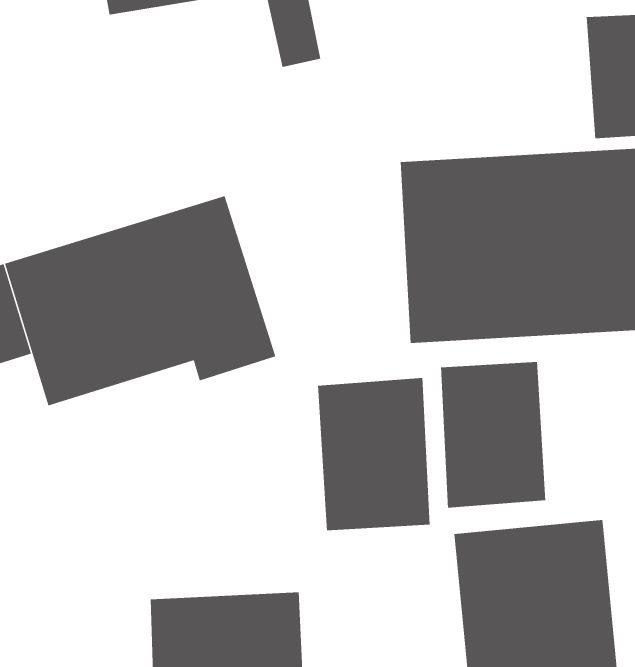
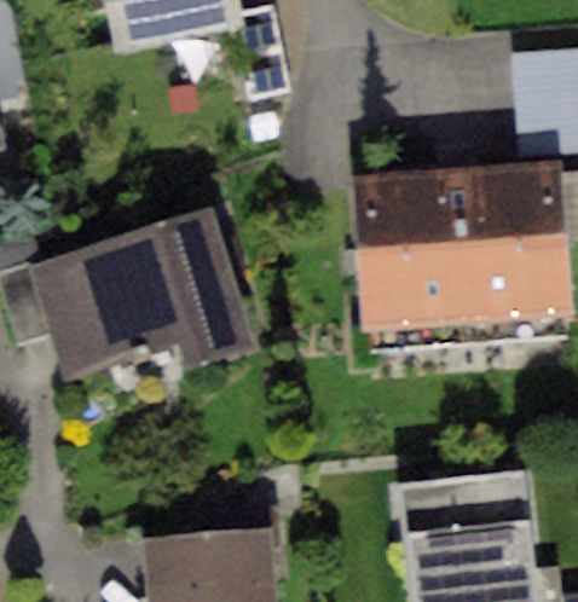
building: [440,361,546,509] -> none
building: [318,377,430,531] -> none

